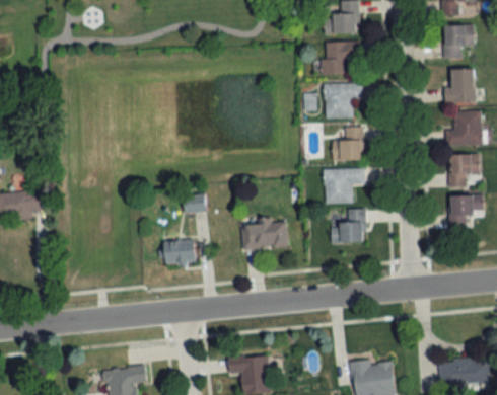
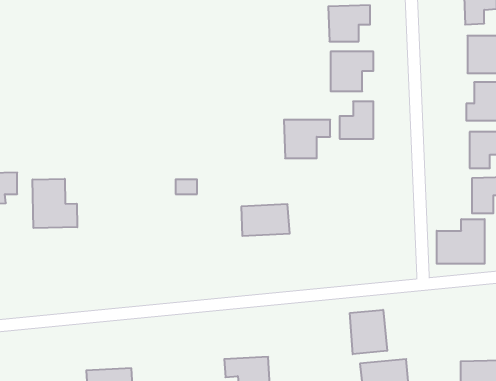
building: [323,169,364,204] -> [284,120,330,158]
building: none -> [33,179,77,228]
building: [330,211,365,242] -> none
building: none -> [437,219,485,264]
building: [162,241,193,262] -> none
building: none -> [350,310,387,354]

